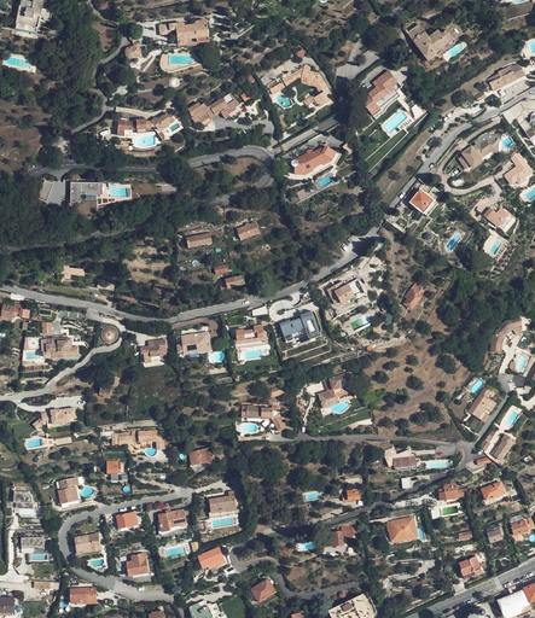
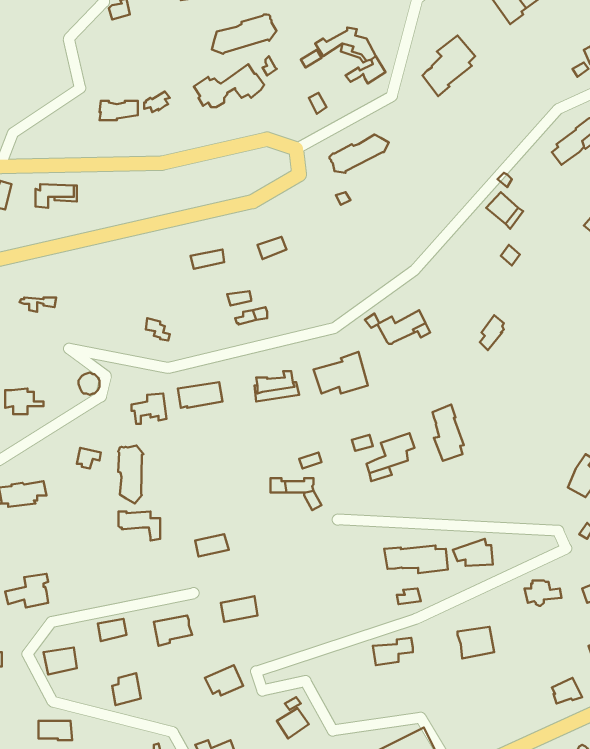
building: none -> [212,15,276,54]
building: none -> [432,404,464,461]
building: none -> [118,445,144,503]
building: none -> [384,546,448,573]

